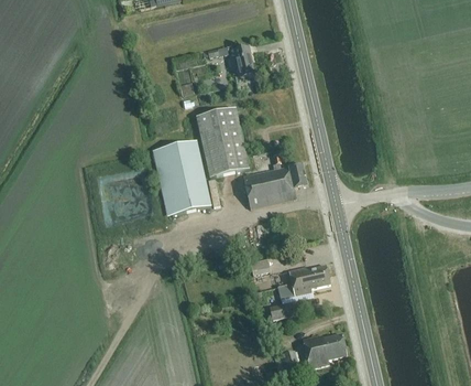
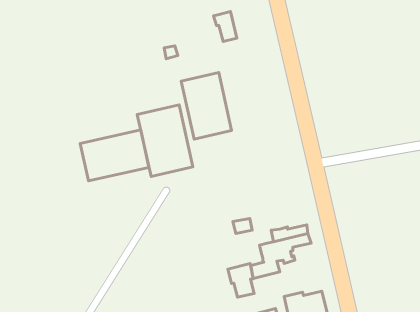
building: [243,154,306,207] -> none
building: none -> [80,130,149,181]
building: none -> [228,263,254,297]

